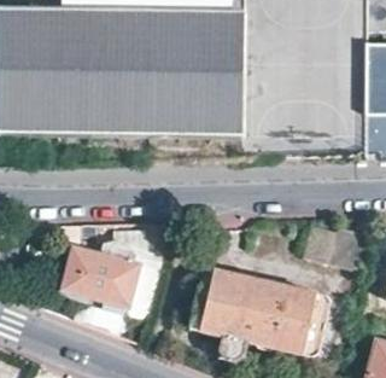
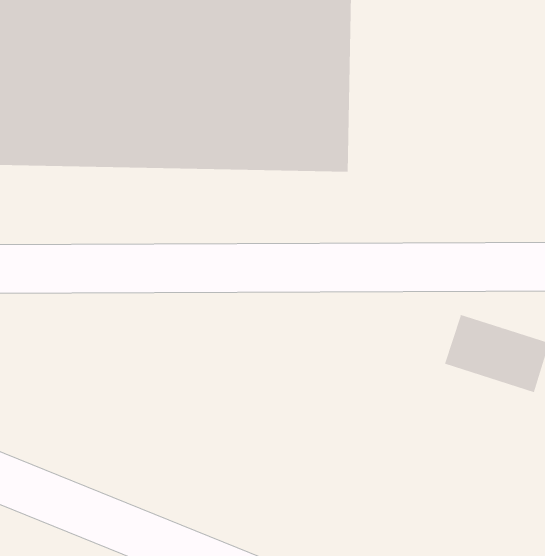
building: [60,228,138,307] -> none
building: [186,261,316,361] -> none

